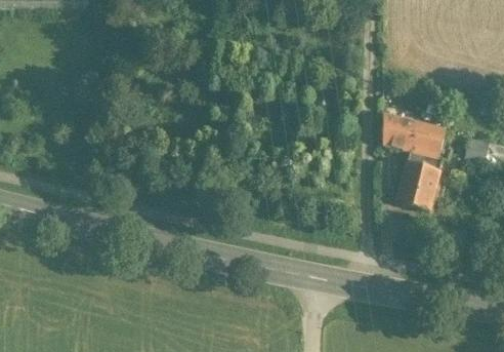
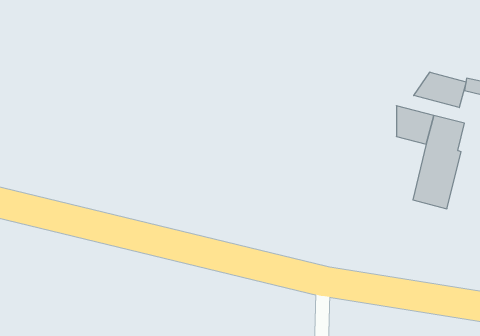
building: none -> [414,72,466,108]

